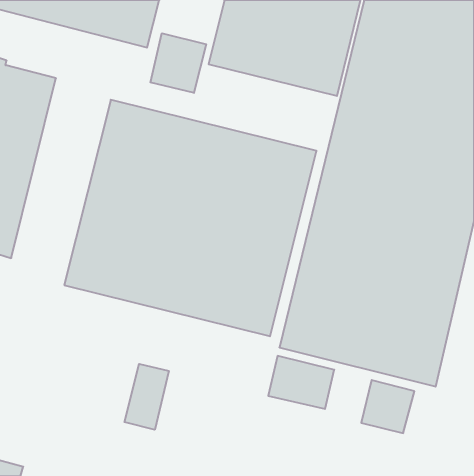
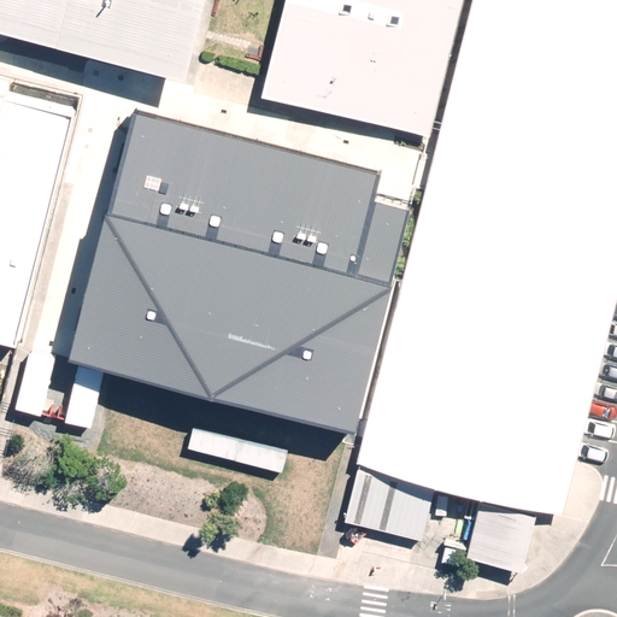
building: [150,33,206,93] -> none
building: [124,364,169,430] -> none

